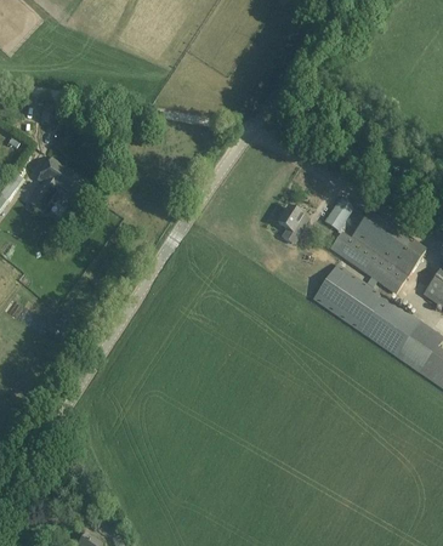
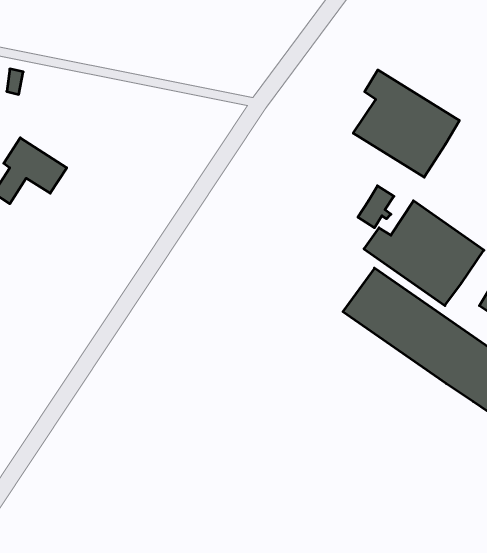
building: none -> [353,70,459,177]
building: [277,205,308,244] -> none

